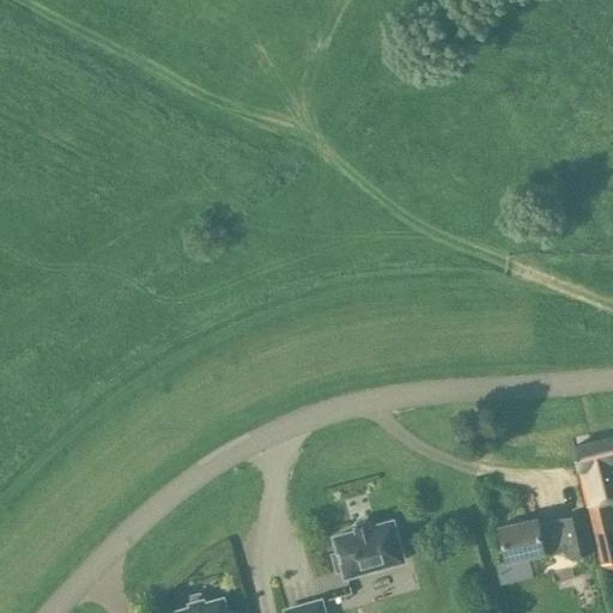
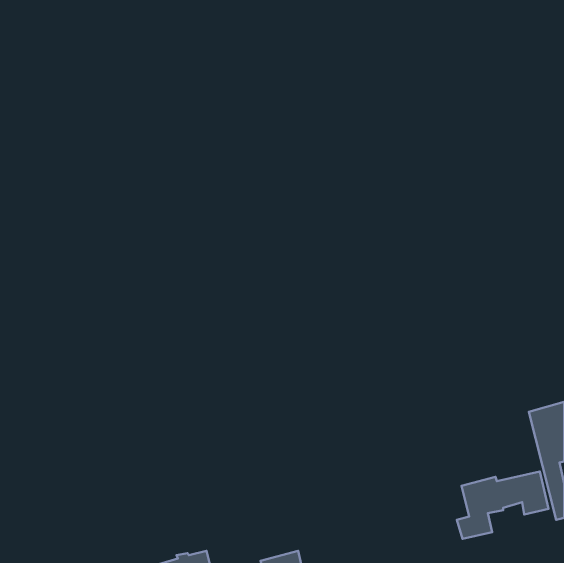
building: [333,522,405,577] -> none

